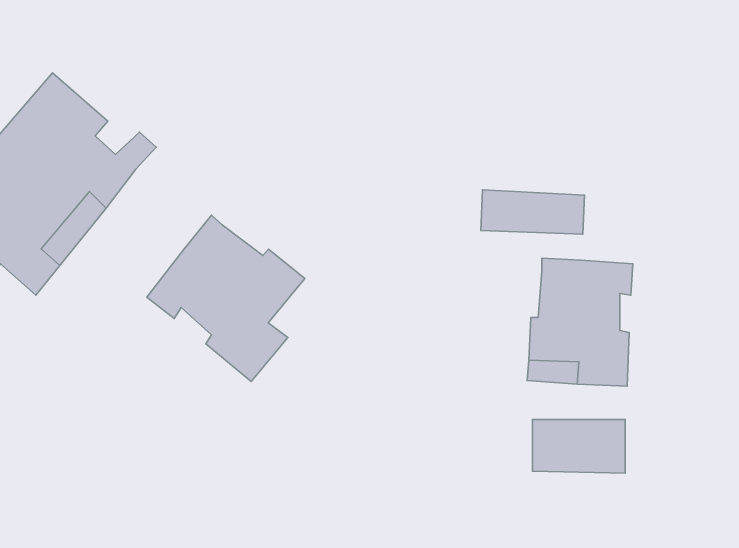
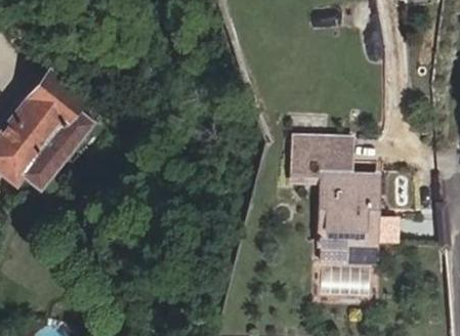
building: [147,215,305,382] -> none
building: none -> [291,156,348,178]

